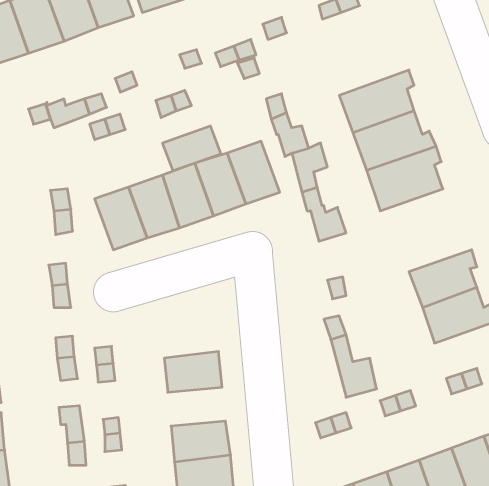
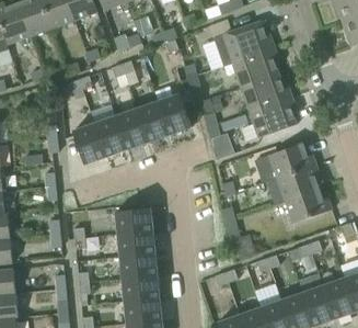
building: none -> [212,20,275,66]
building: [163,126,221,171] -> none
building: none -> [267,143,315,178]
building: none -> [115,206,152,234]
building: none -> [119,252,157,278]

